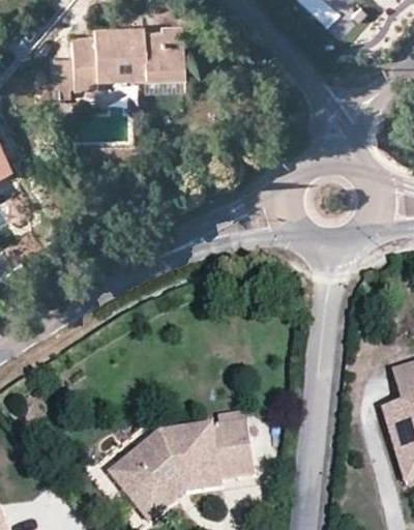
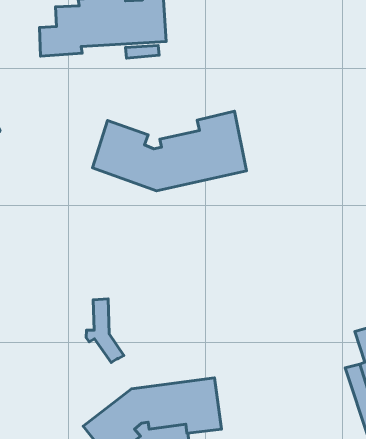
building: none -> [92,111,247,191]
building: none -> [86,299,124,363]

